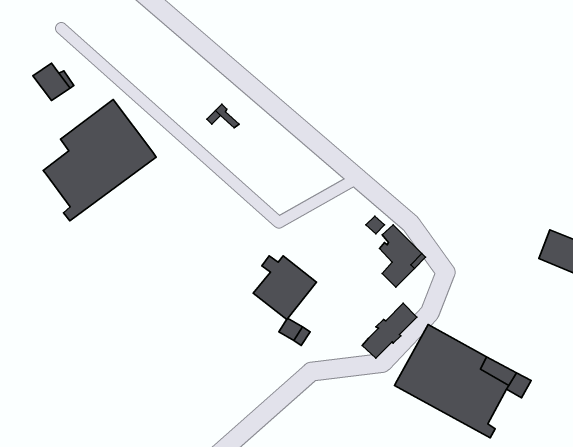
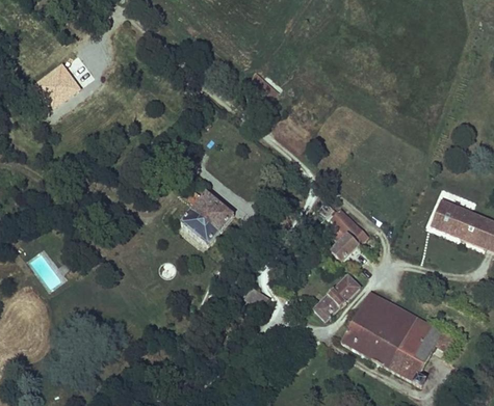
building: [43,100,156,221] -> none
building: none -> [431,199,471,236]
building: [253,256,317,319] -> [181,190,234,243]

